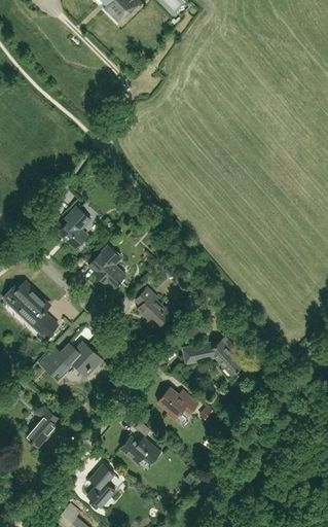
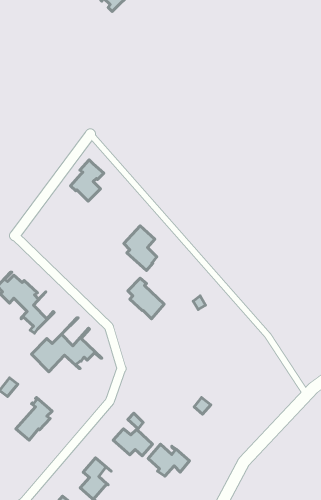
building: [58,207,90,248] -> [71,160,104,201]
building: [92,244,124,288] -> [124,226,157,270]
building: [183,336,244,375] -> none
building: [157,387,198,419] -> [148,444,190,476]

